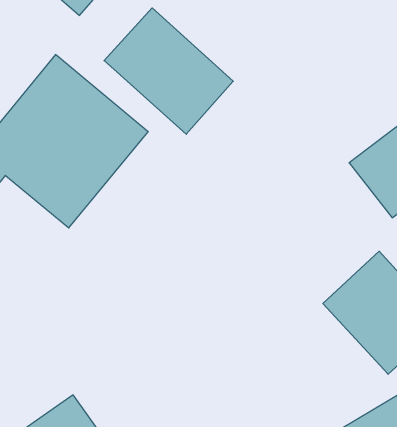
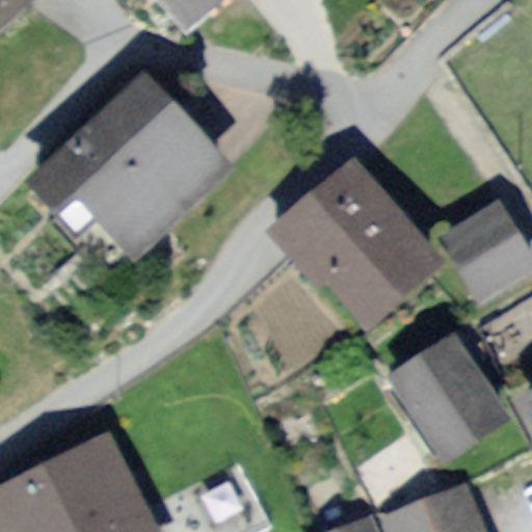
building: [104,8,233,134] -> none
building: none -> [270,165,441,340]

